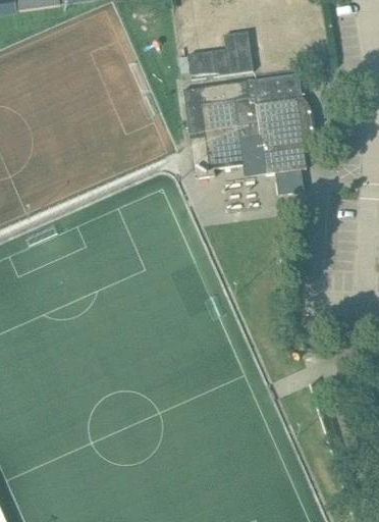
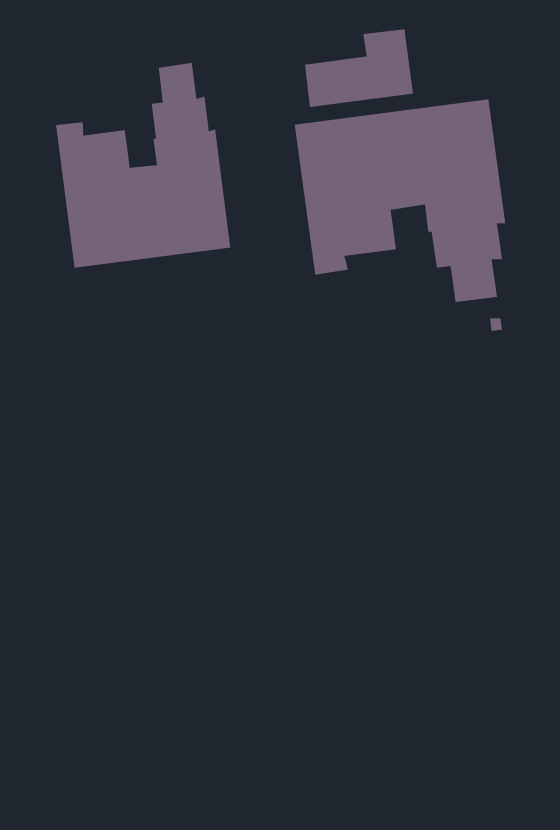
building: none -> [56,62,231,269]

